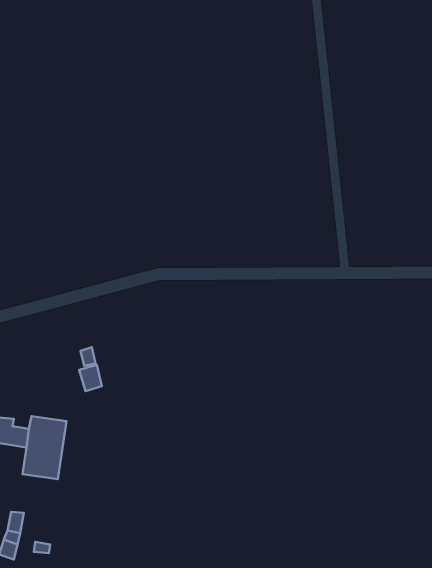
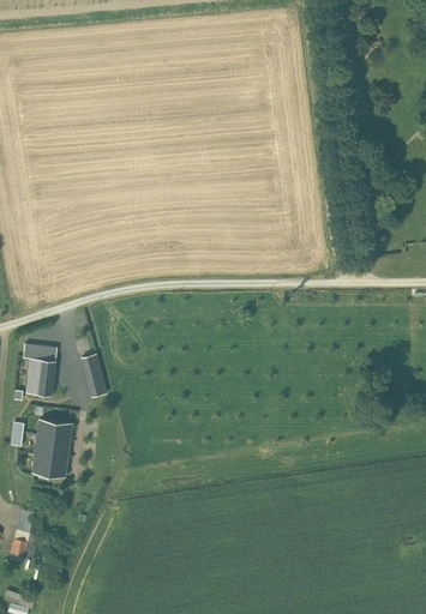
building: none -> [17,345,59,395]

